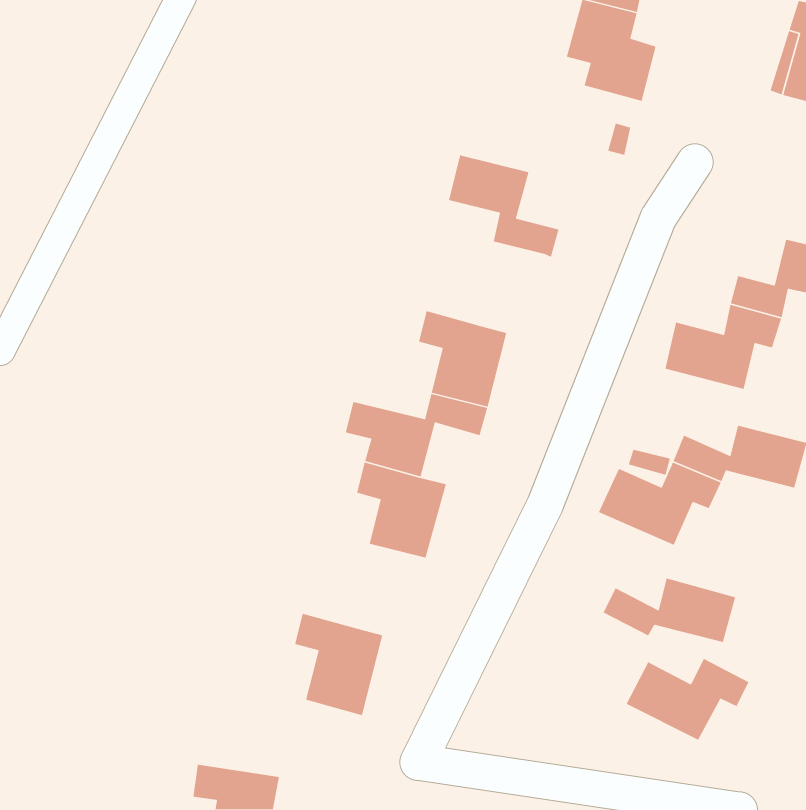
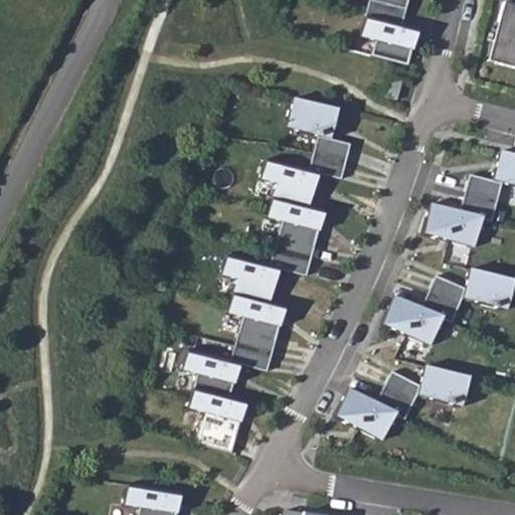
building: none -> [262,153,353,206]
building: none -> [183,344,274,397]
building: [625,658,749,741] -> [336,387,414,440]

